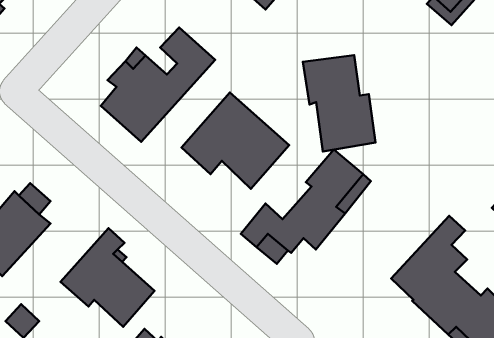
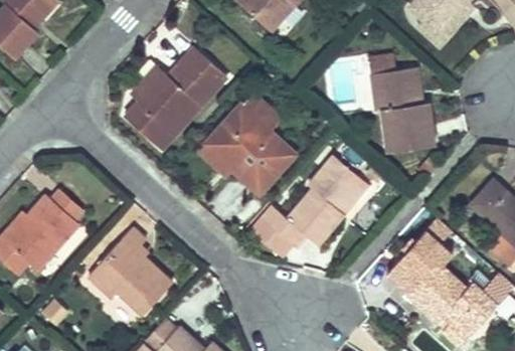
building: [303,55,376,151] -> [369,64,435,151]

